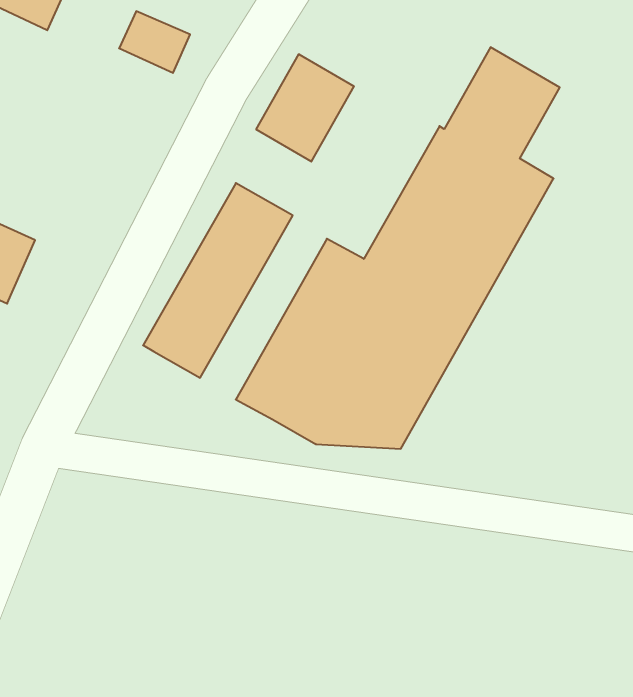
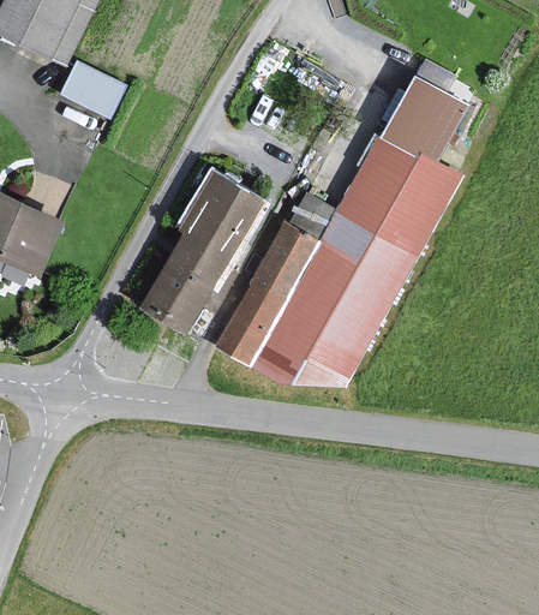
building: [119,11,190,73] -> [65,62,120,111]
building: [256,54,354,162] -> none

